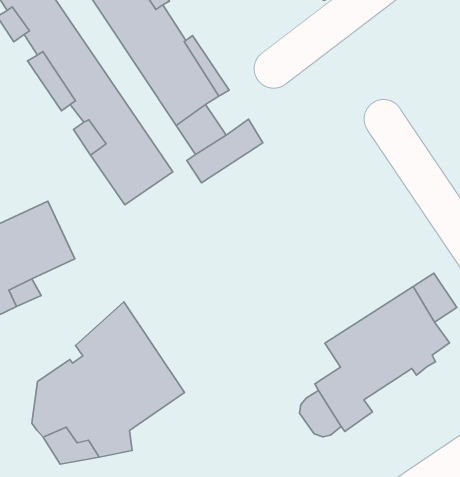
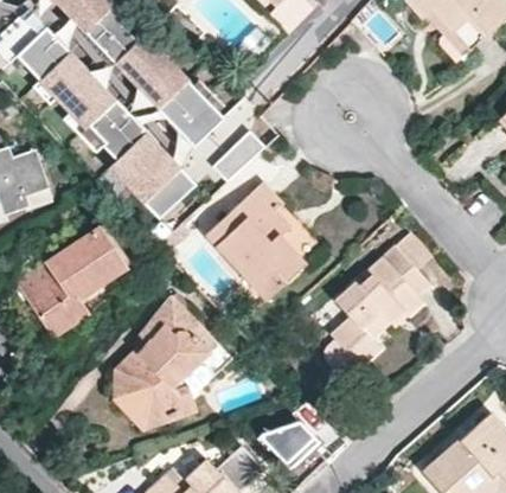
building: none -> [204,183,305,300]

